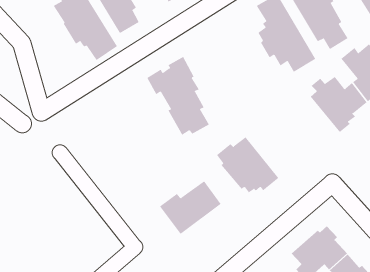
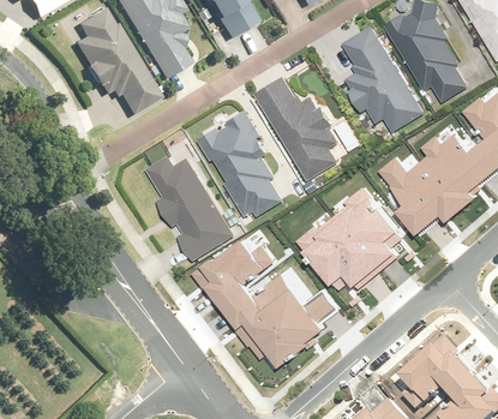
building: none -> [258,76,342,179]
building: none -> [149,155,241,258]
building: none -> [376,158,457,237]
building: none -> [332,187,402,271]
building: none -> [190,241,271,310]
building: none -> [247,289,338,369]

